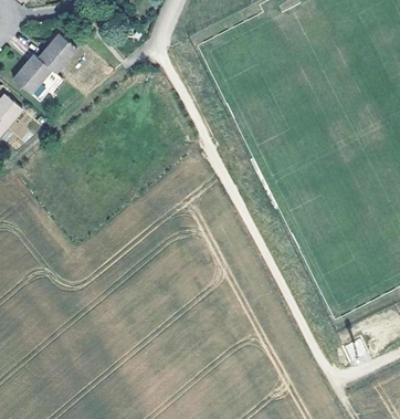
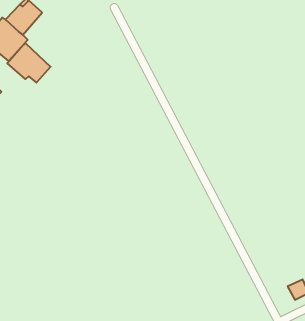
building: none -> [7,43,51,83]

